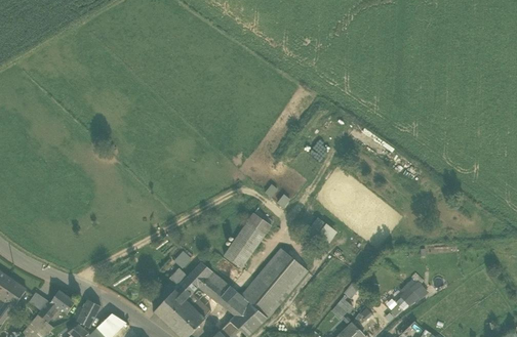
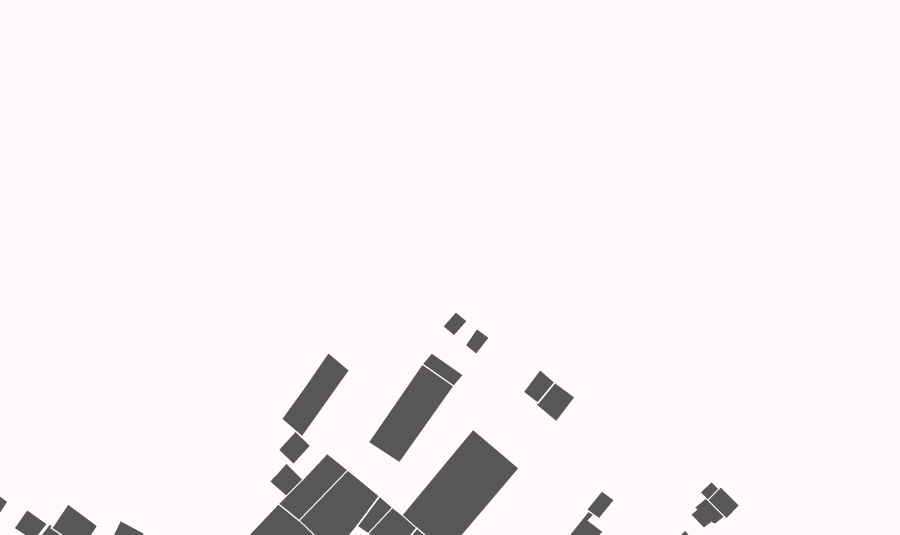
building: none -> [281,352,349,437]

